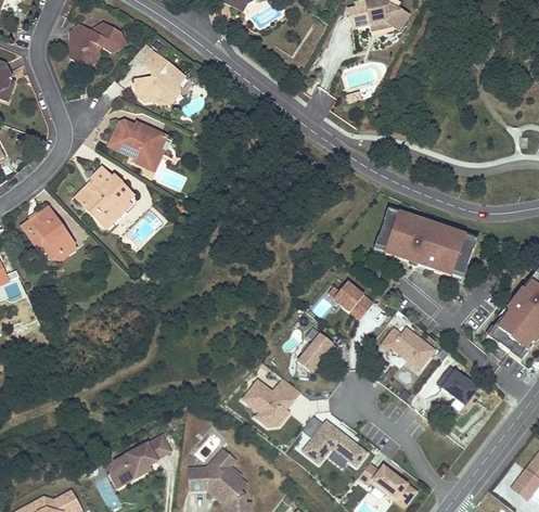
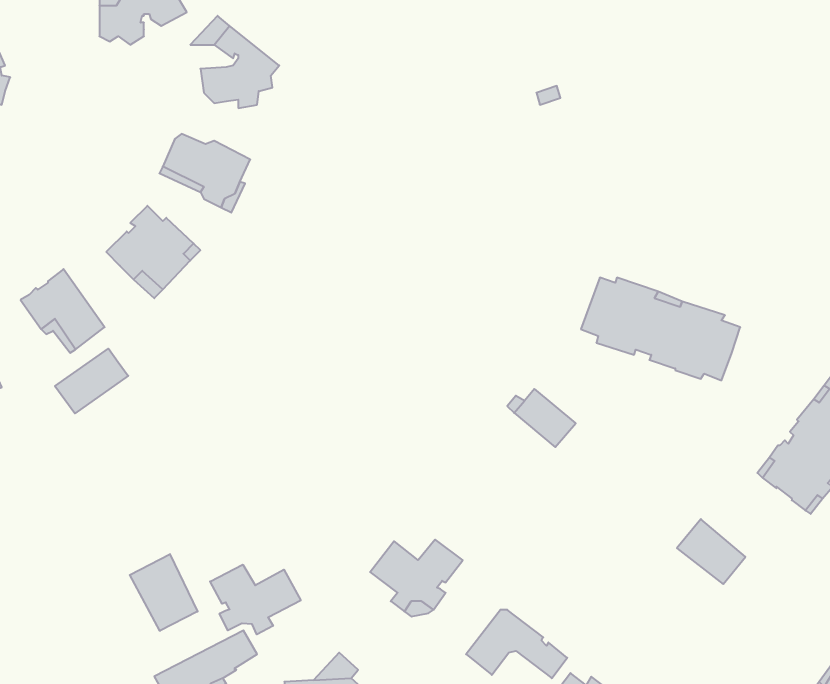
building: none -> [55,349,128,413]
building: [294,327,337,379] -> none
building: [381,328,434,369] -> none
building: none -> [130,554,198,631]
building: none -> [210,565,301,634]

